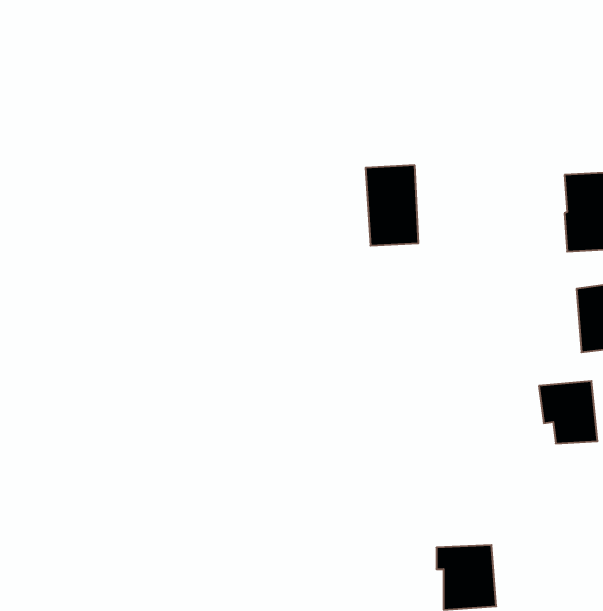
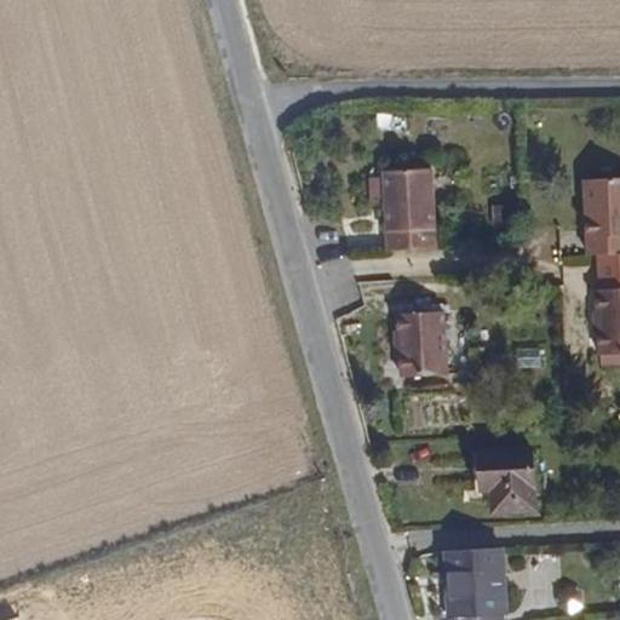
building: none -> [397,311,446,378]
building: [539,381,598,443] -> [480,452,539,515]

